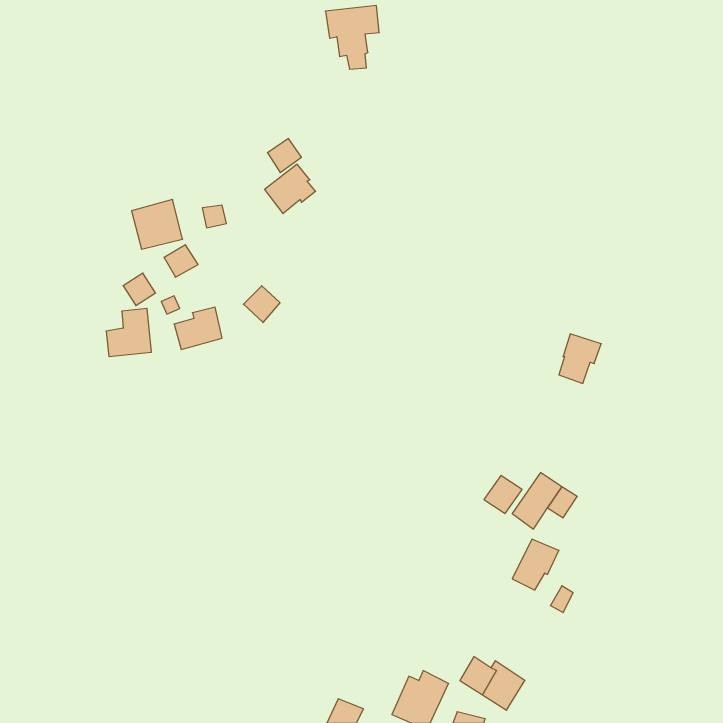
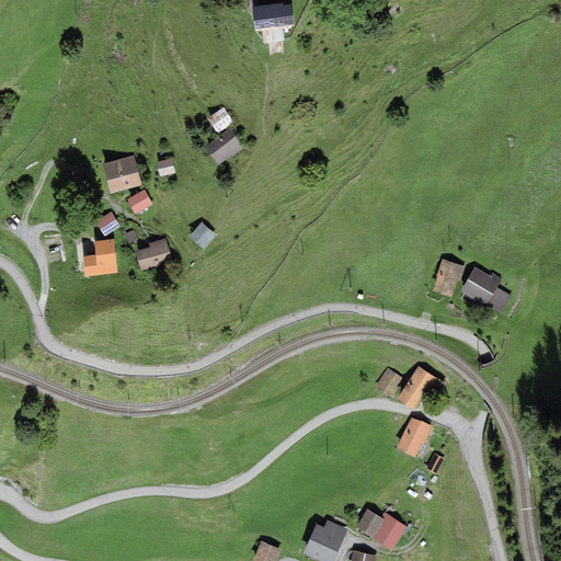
building: none -> [460,266,503,307]

